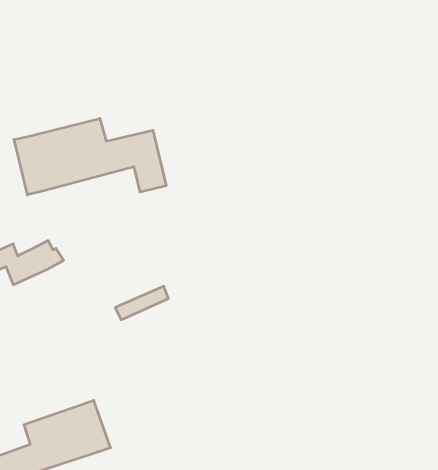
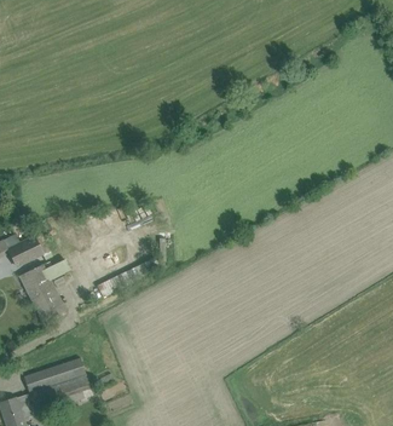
building: [14,118,166,195] -> none
building: none -> [18,259,69,322]

